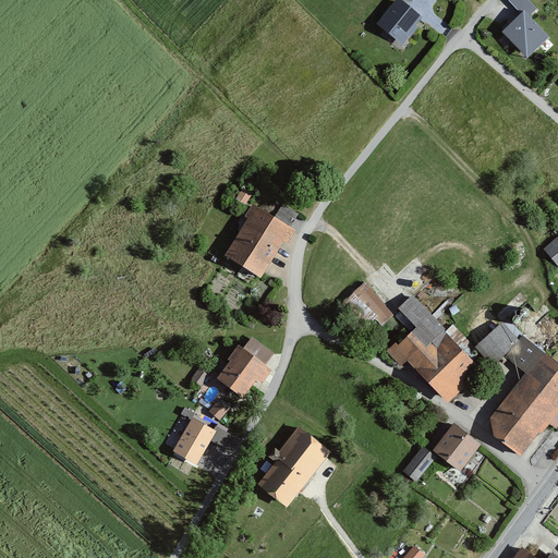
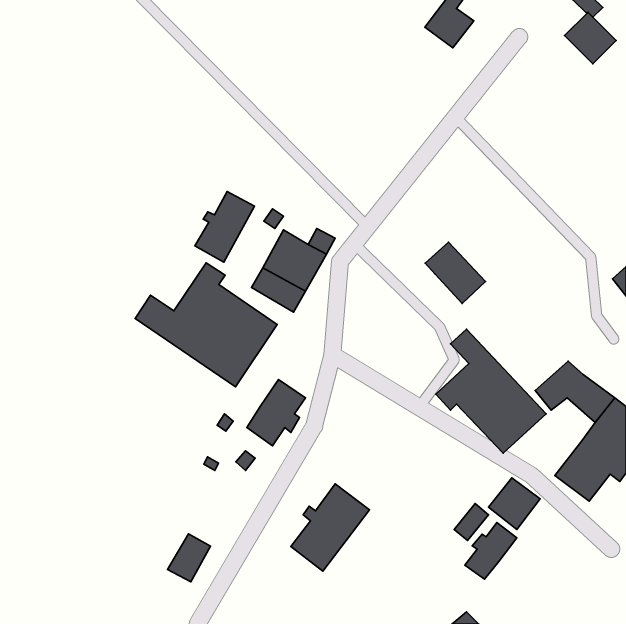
building: none -> [195,191,255,262]
building: none -> [135,263,277,387]
building: [342,278,396,332] -> [425,242,485,304]
building: [174,420,213,462] -> [168,534,210,582]
building: none -> [465,523,517,579]

